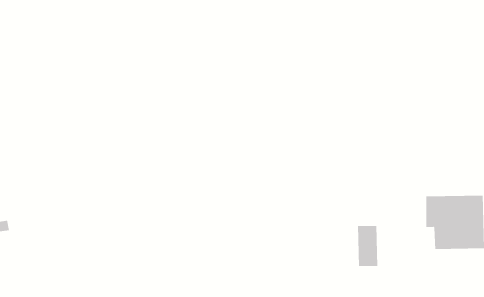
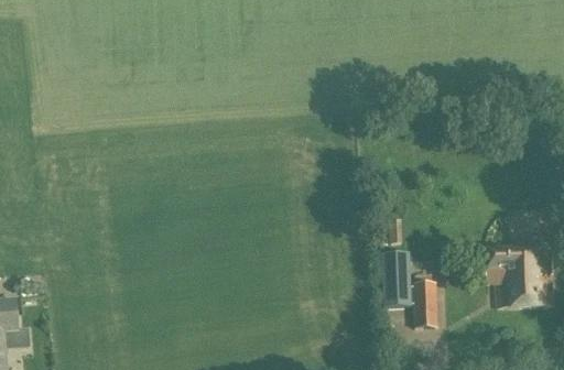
building: none -> [381,251,411,306]

